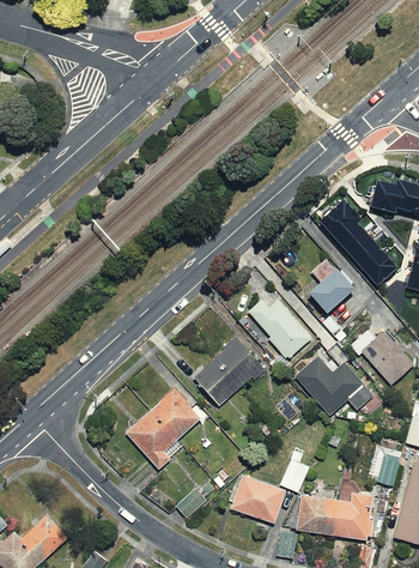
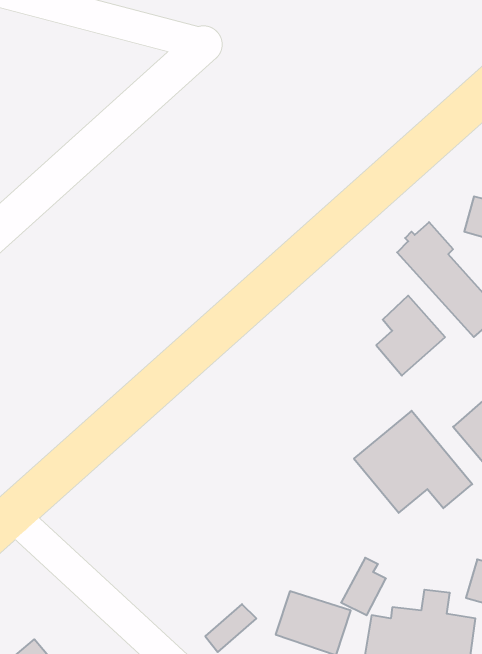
building: [248,295,314,359] -> none
building: [193,337,266,407] -> none
building: [126,386,201,470] -> none

